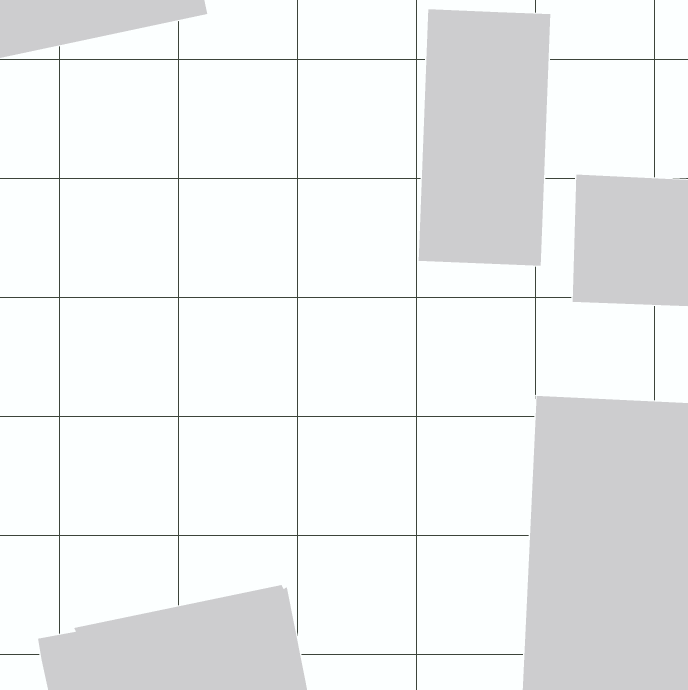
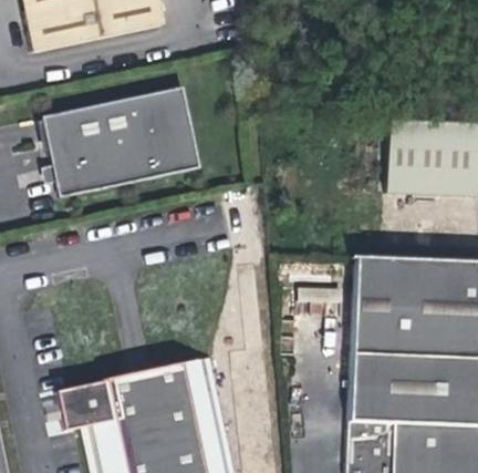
building: [418,9,551,266] -> none
building: none -> [41,84,199,195]

